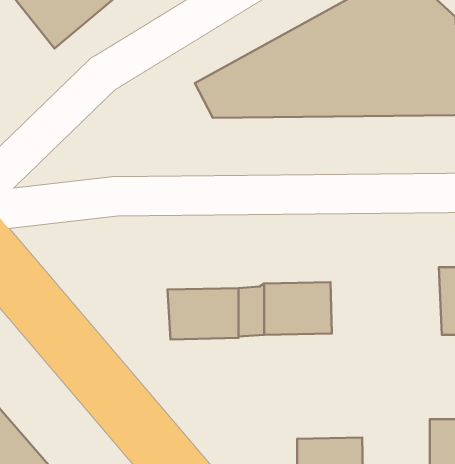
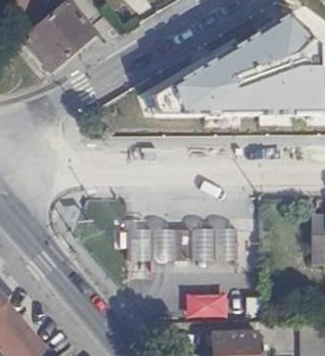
building: none -> [183,291,227,316]

